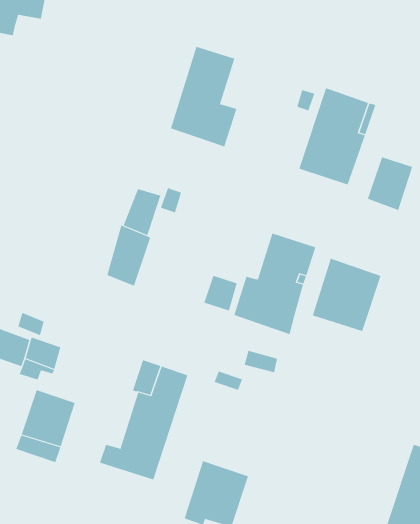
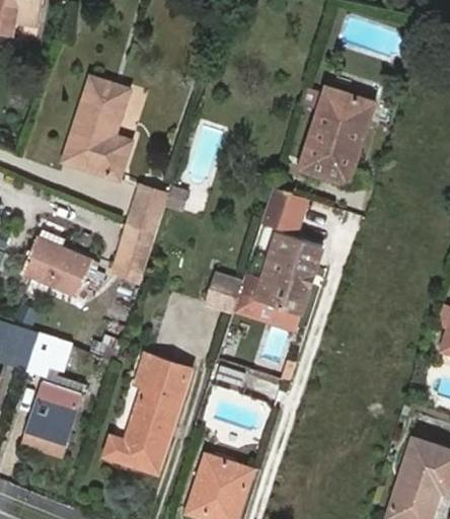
building: [170,46,237,147] -> [60,75,126,174]
building: [367,156,413,211] -> none
building: none -> [260,187,306,231]
building: none -> [24,239,93,294]
building: [312,258,381,332] -> none

